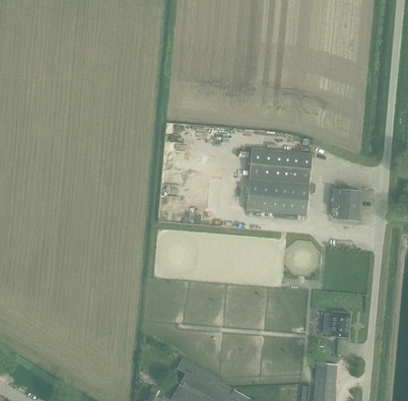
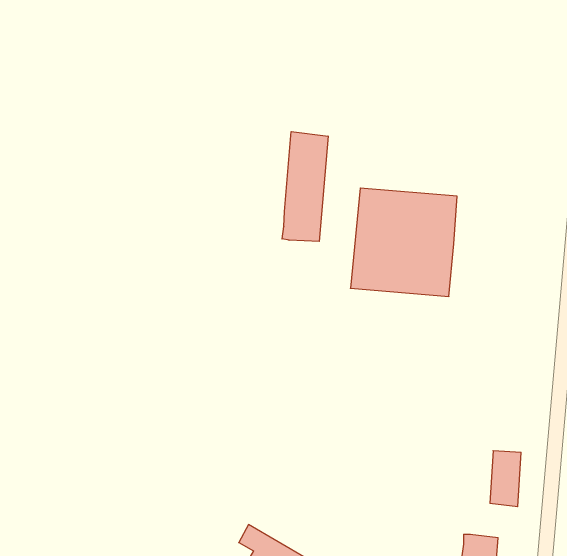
building: none -> [282,132,328,241]
building: [337,190,359,221] -> none

